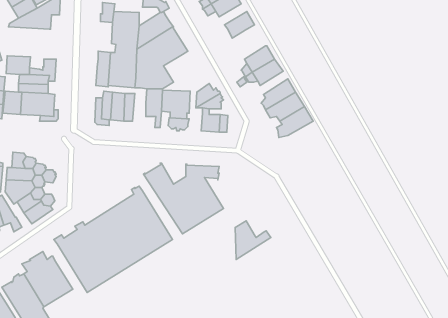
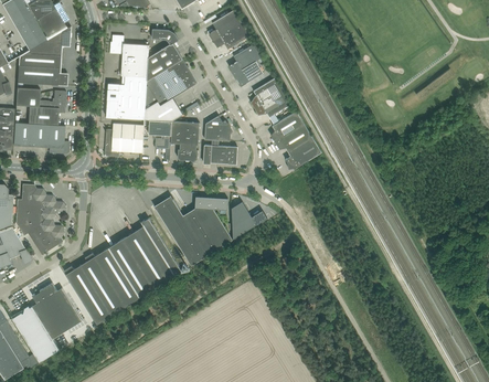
building: none -> [17,59,67,85]
building: none -> [227,61,263,86]
building: [235,221,271,259] -> [231,201,266,240]

